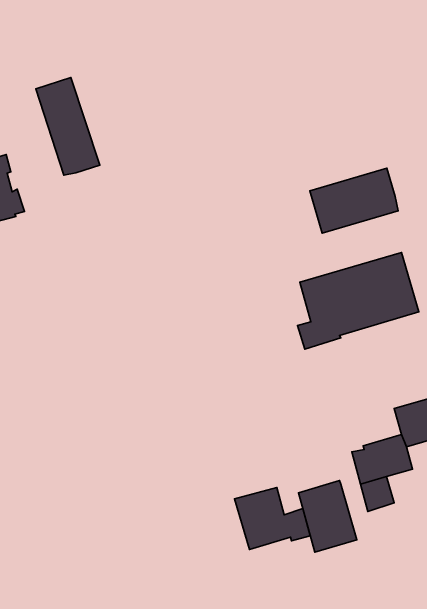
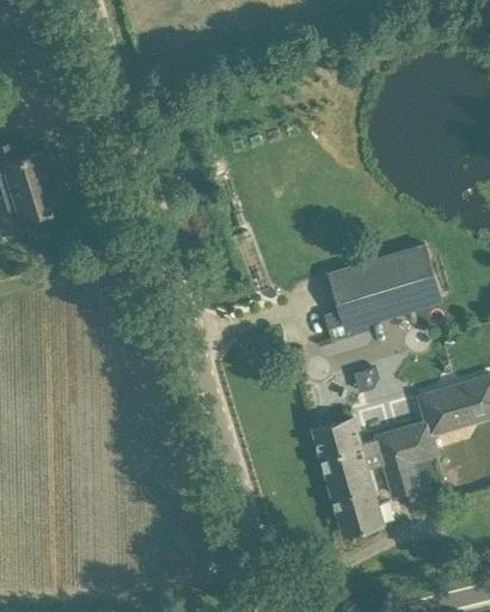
building: [36,77,100,175] -> none
building: [310,168,398,233] -> none
building: [235,488,310,549] -> [313,417,386,477]

